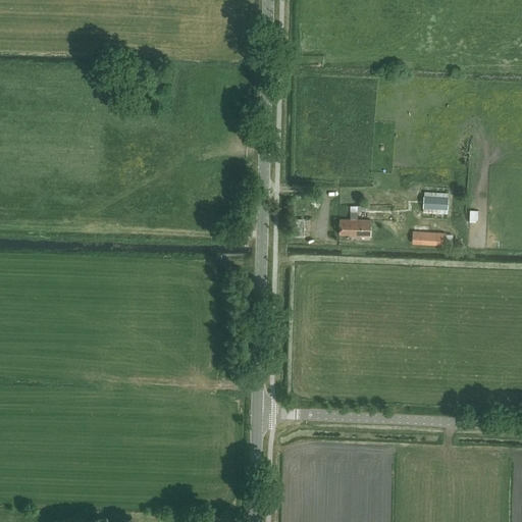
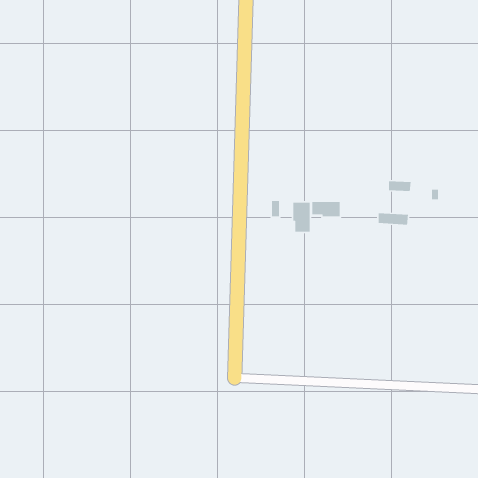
building: none -> [292,202,310,232]

